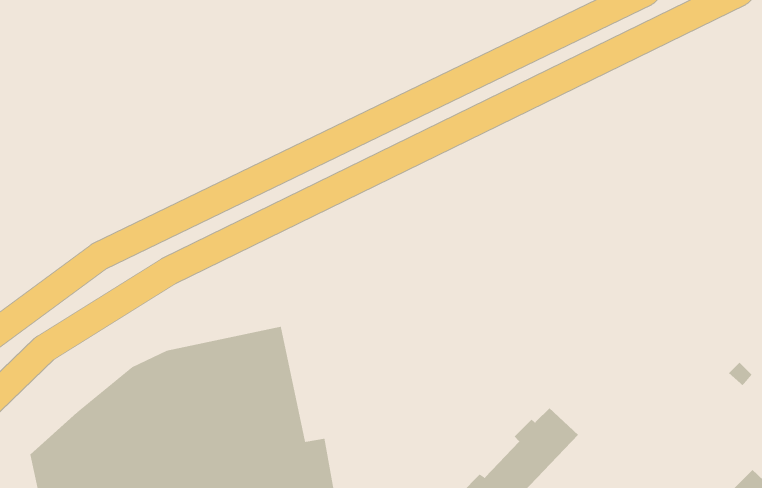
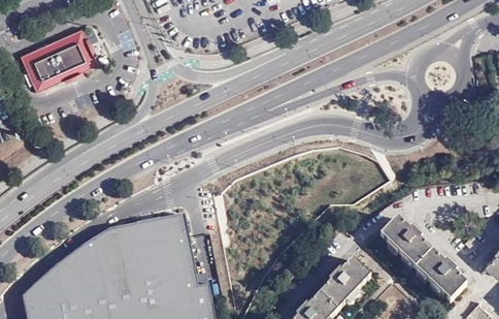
building: none -> [16,27,94,91]
building: none -> [379,218,466,301]

